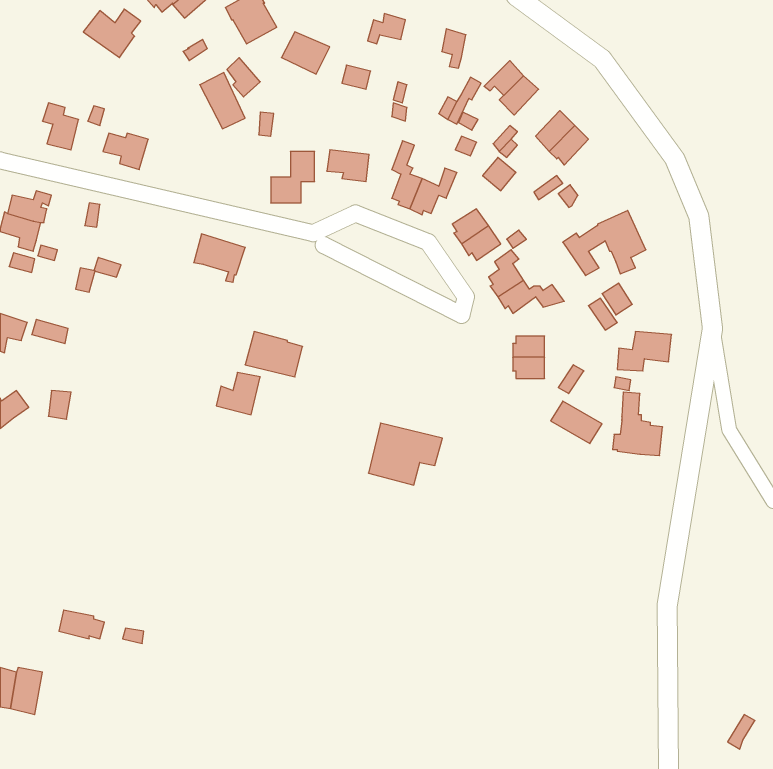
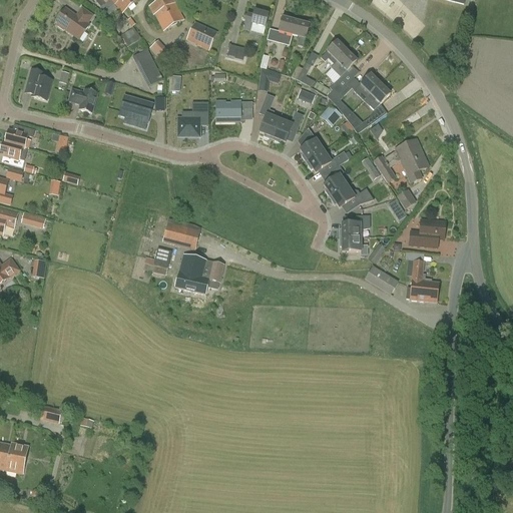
building: none -> [267,16,296,44]
building: [194,234,245,282] -> [119,95,153,127]
building: [368,423,442,485] -> [175,253,224,295]

